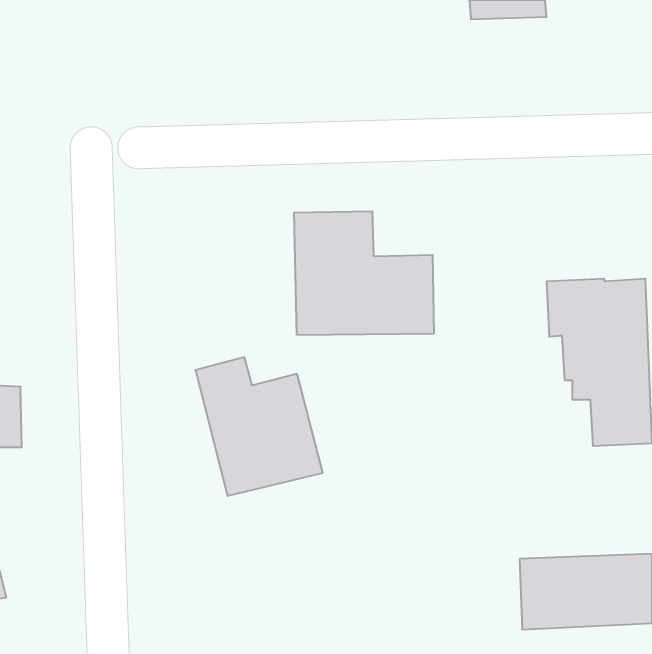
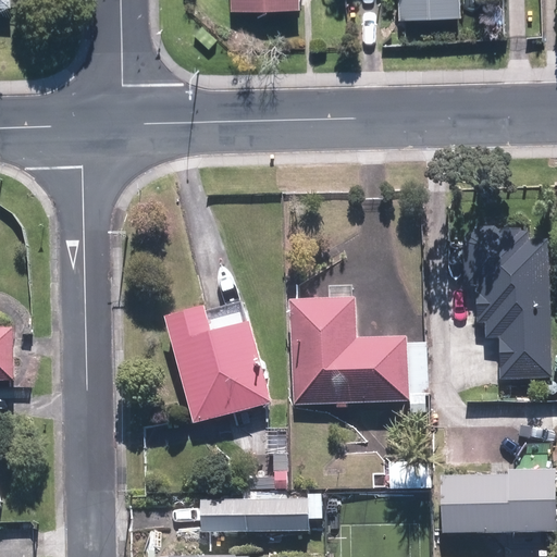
building: [294,211,434,335] -> [290,297,409,401]
building: none -> [199,499,311,532]

